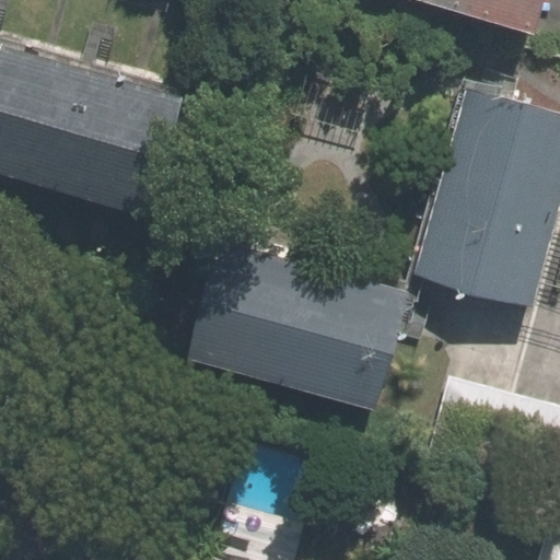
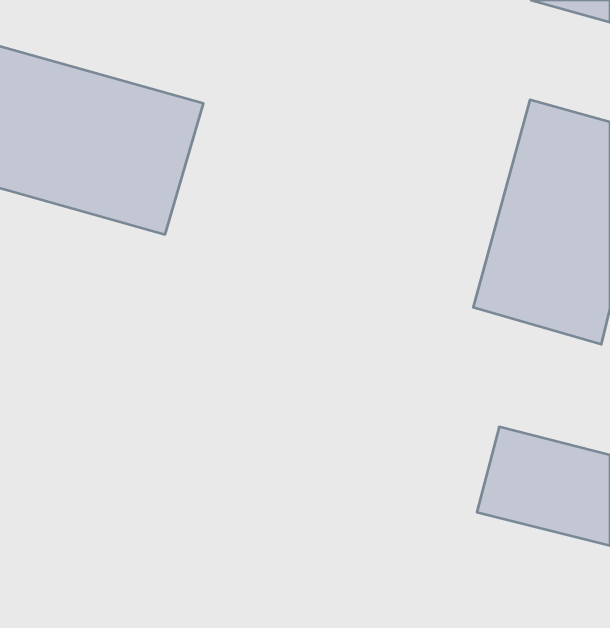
building: [195,242,409,411] -> none

